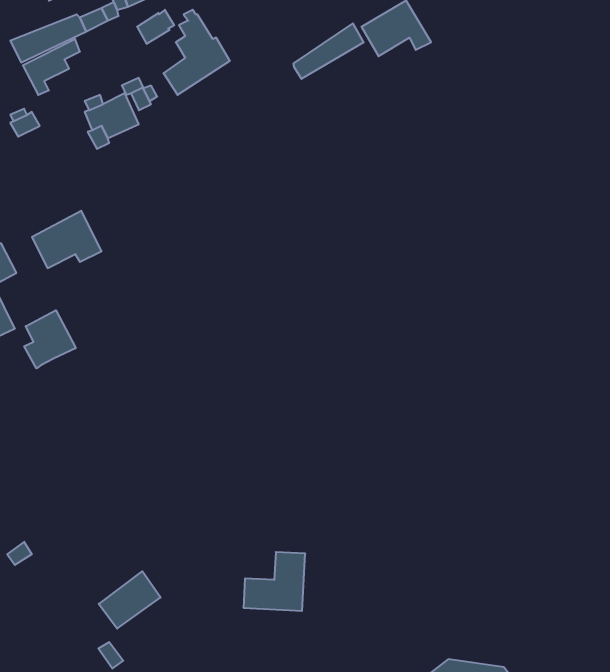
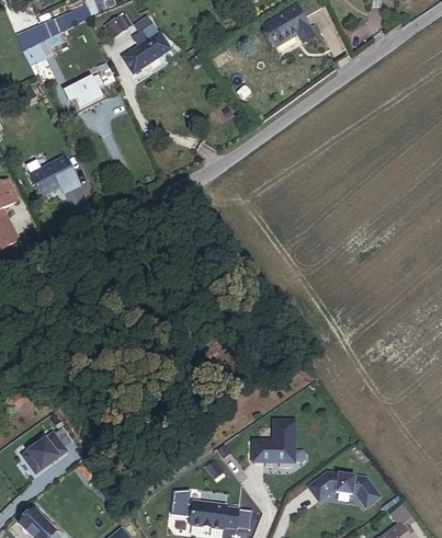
building: [294,23,364,79] -> none
building: [24,310,76,368] -> none
building: [243,552,305,611] -> [249,420,293,461]
building: [99,571,161,629] -> [22,433,66,473]

